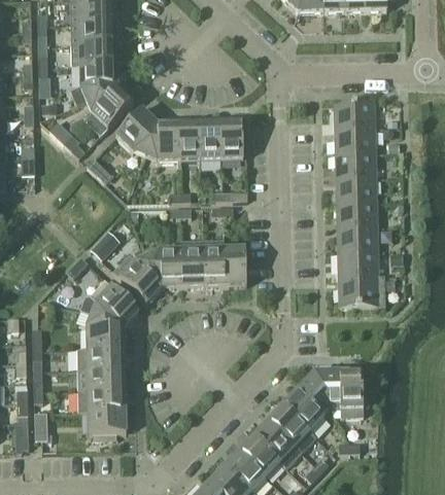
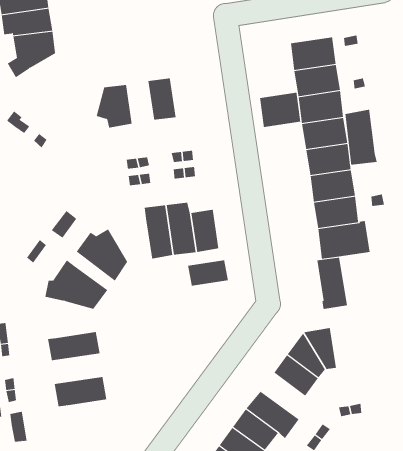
building: [87,84,134,134] -> none
building: [115,107,158,149] -> none
building: [220,119,243,157] -> none
building: [179,120,200,158] -> none
building: none -> [259,92,301,128]
building: none -> [345,109,378,166]
building: [146,247,182,285] -> none
building: none -> [188,259,228,286]
building: [85,314,124,347] -> none
building: [78,366,125,389] -> none
building: [340,368,364,415] -> [317,257,348,310]
building: [268,403,315,450] -> none
building: [88,410,126,431] -> none

